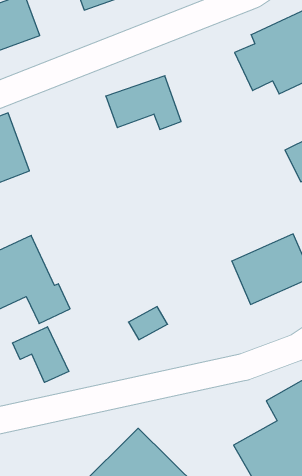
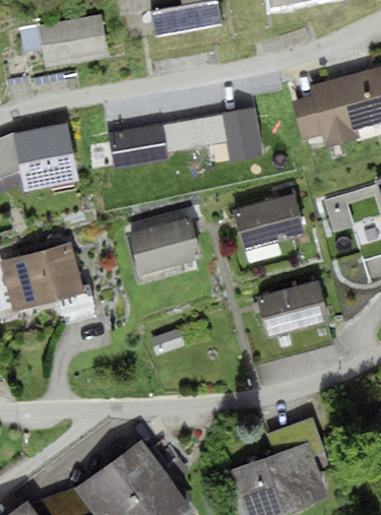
building: none -> [220,106,262,159]
building: none -> [108,122,168,168]
building: none -> [231,193,305,252]
building: none -> [127,216,202,276]
building: [13,327,69,382] -> none

